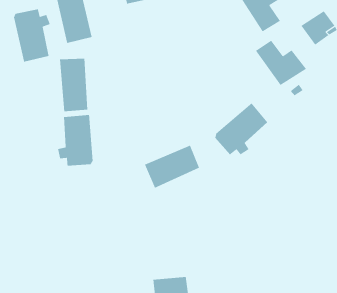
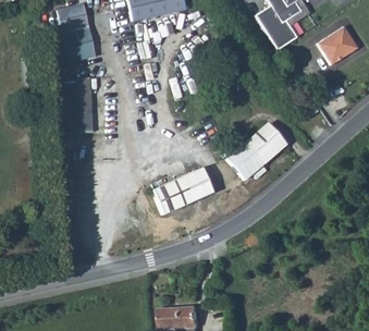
building: [13,8,50,63] -> none
building: [255,40,307,86] -> none
building: [58,114,93,166] -> none

